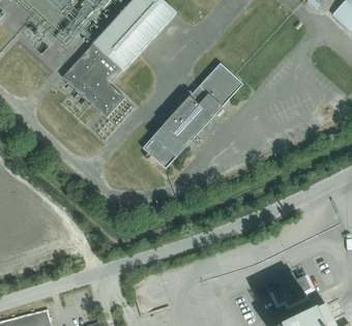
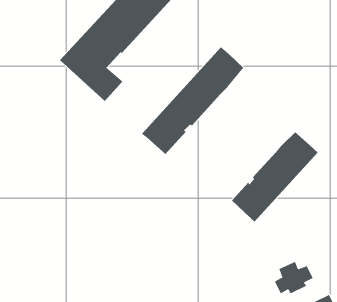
building: none -> [231,131,318,223]

